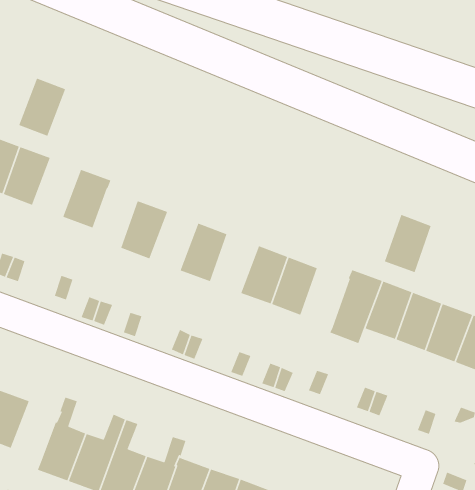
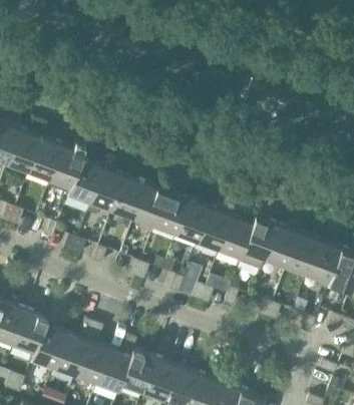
building: [18,77,66,137] -> [28,138,62,180]
building: none -> [68,160,102,202]
building: none -> [111,176,145,219]
building: [384,214,432,273] -> [219,217,253,259]
building: none -> [154,192,189,235]
building: none -> [13,311,48,353]

